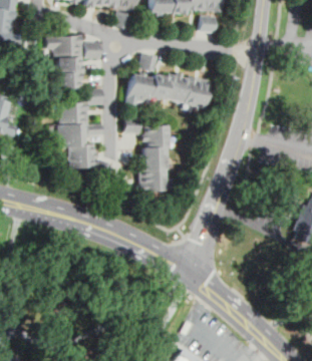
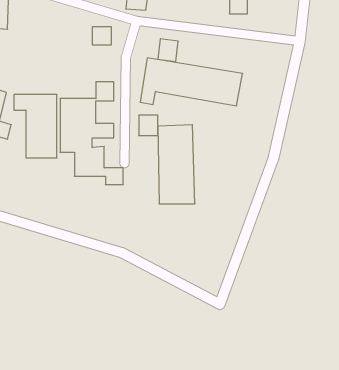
building: [45,35,81,88] -> [14,95,57,158]

